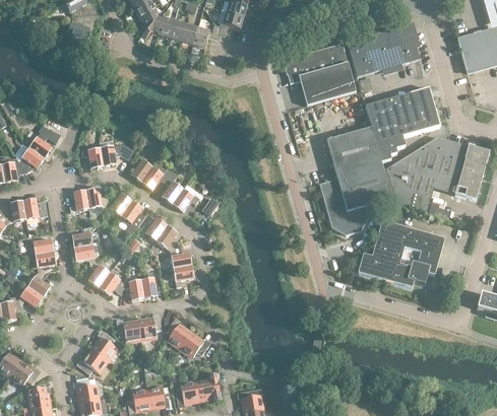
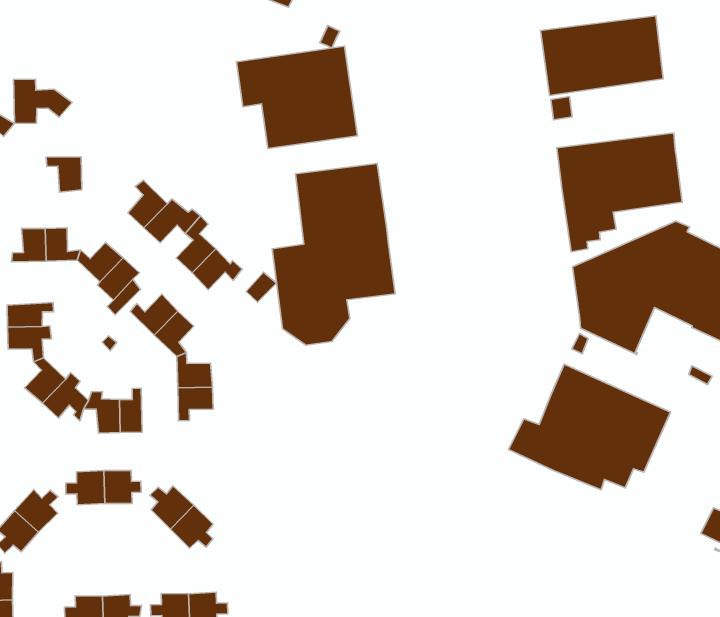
building: [283,41,356,103] -> [236,46,357,149]
building: [319,126,391,232] -> [272,163,395,345]
building: [100,138,134,164] -> [14,79,72,124]

